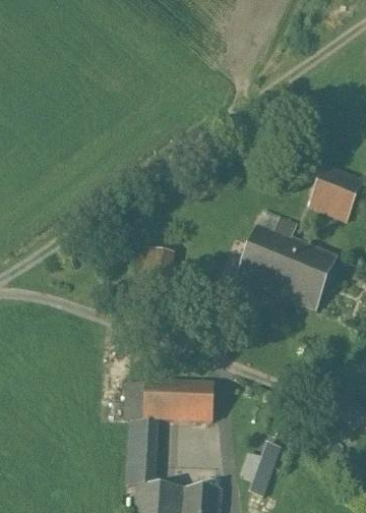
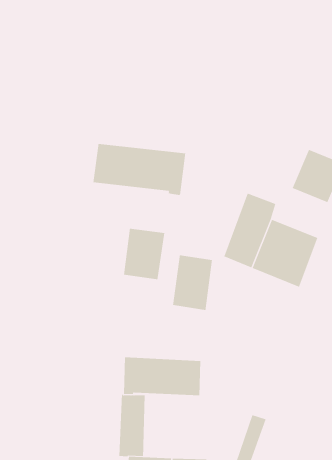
building: none -> [93,143,186,196]
building: none -> [172,254,213,311]

